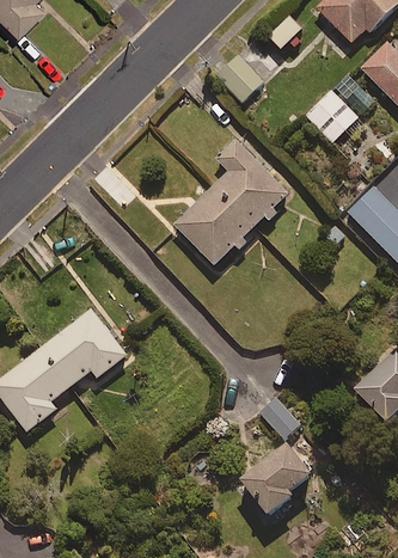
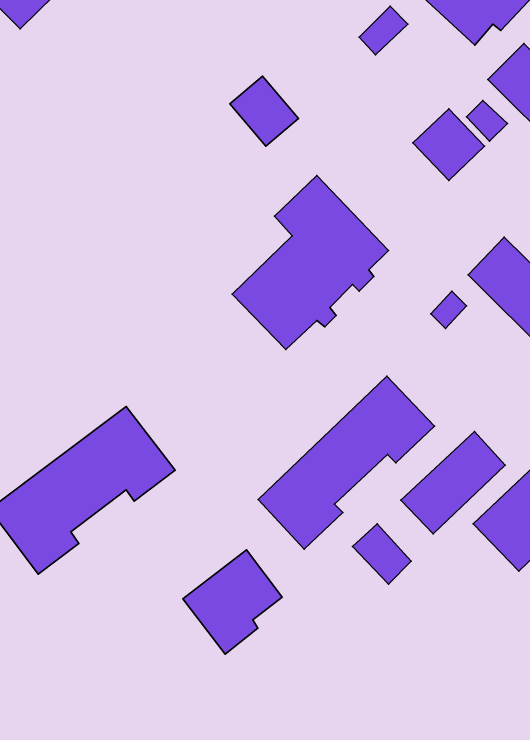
building: [213,49,263,100] -> [230,76,298,146]
building: none -> [258,376,435,549]
building: none -> [401,432,505,534]
building: [244,441,317,517] -> [183,550,282,654]

